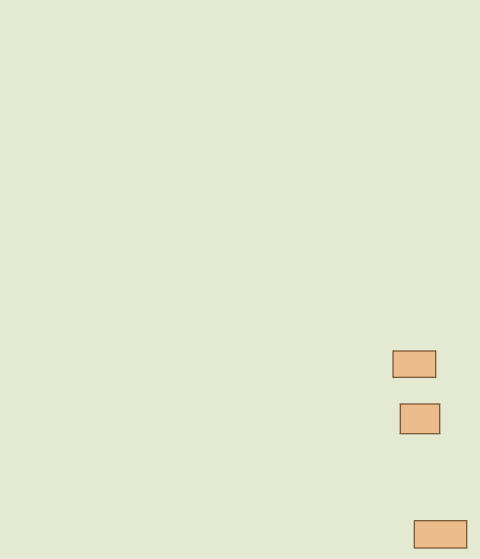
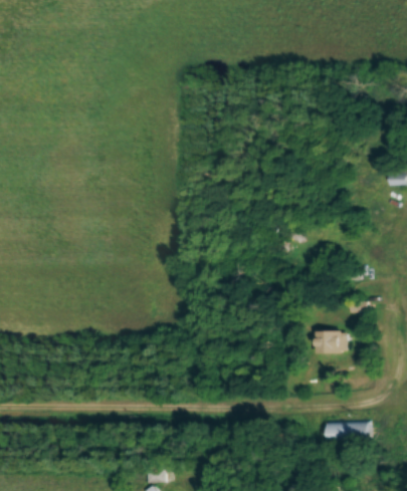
building: [393,351,436,378] -> none

